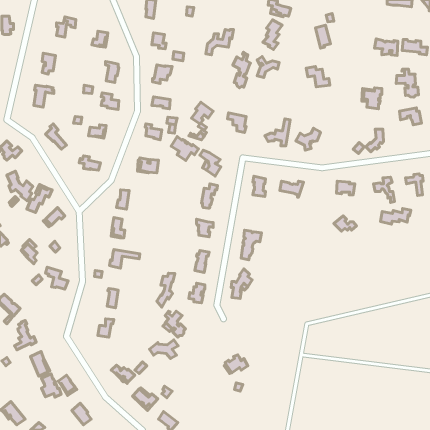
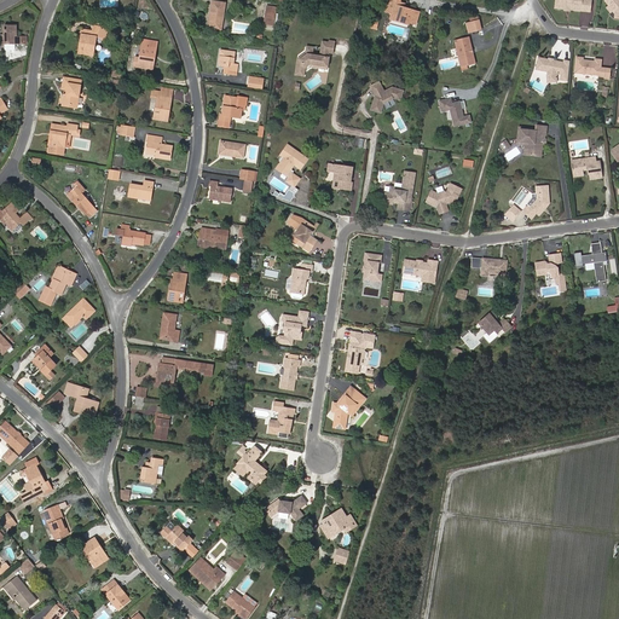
building: [263,20,282,50] -> none
building: [233,52,250,88] -> none
building: [396,69,419,97] -> none
building: [171,136,198,161] -> none
building: [7,171,33,201] -> none
building: [381,208,411,224] -> none
building: [157,273,175,307] -> none
building: [149,340,178,358] -> [266,494,307,521]
building: [42,374,61,397] -> none

